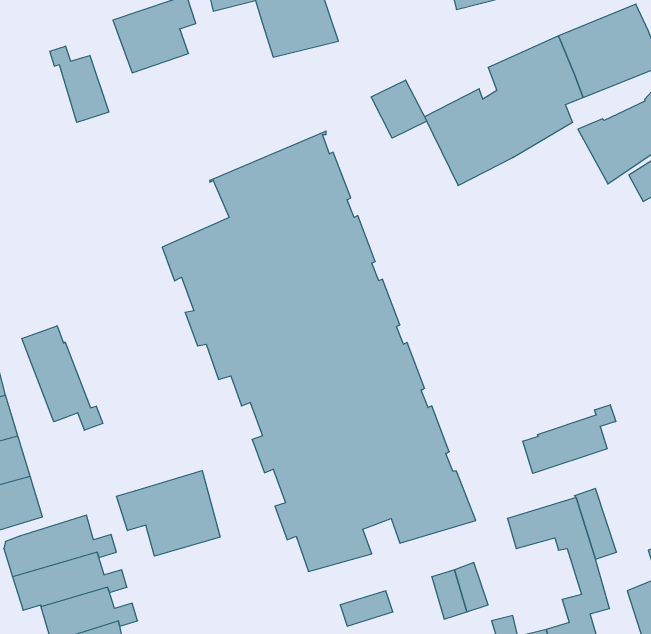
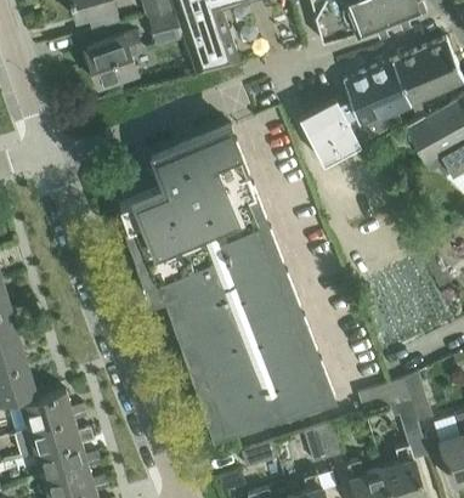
building: [50,46,109,122] -> none
building: [371,80,427,138] -> none
building: [22,326,103,430] -> none
building: [523,405,616,473] -> none
building: [117,471,220,556] -> none

